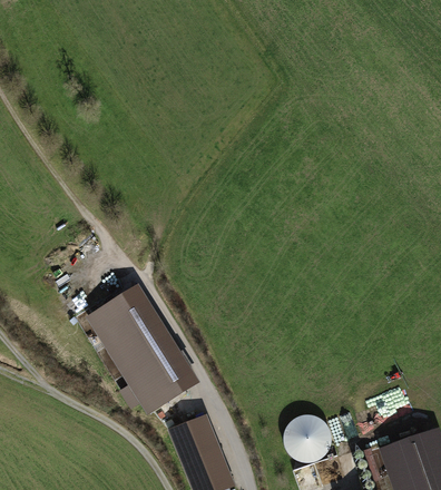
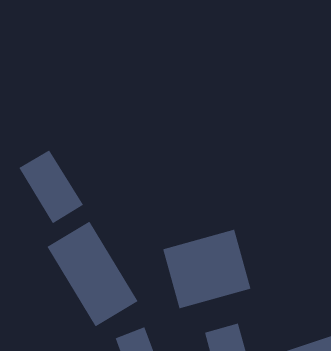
building: none -> [18,150,84,224]
building: none -> [162,229,251,309]

